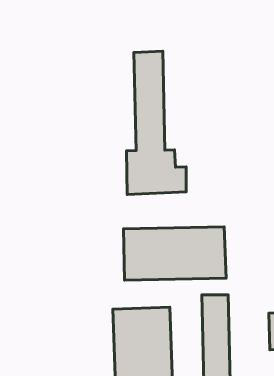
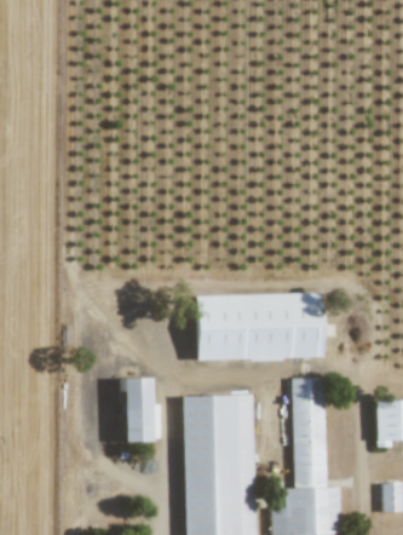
building: [126,51,186,194] -> none
building: none -> [122,378,151,441]

